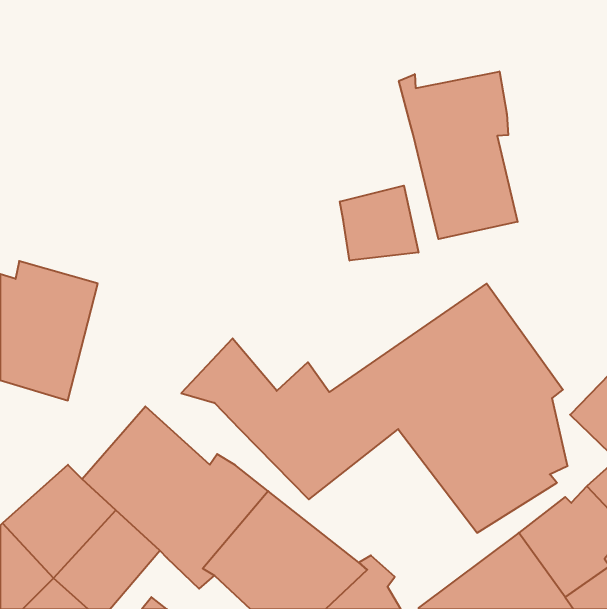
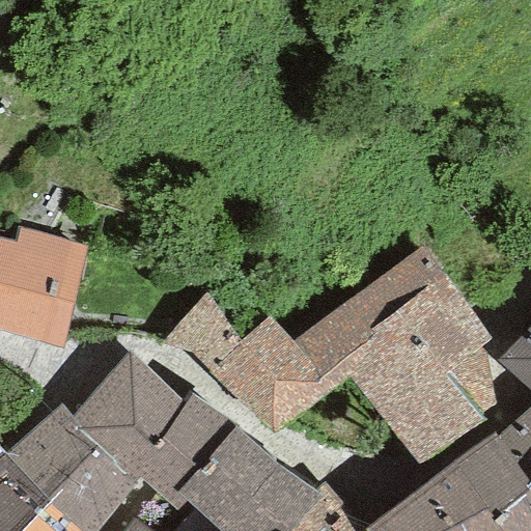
building: [399,71,518,239] -> none
building: [340,186,418,261] -> none

